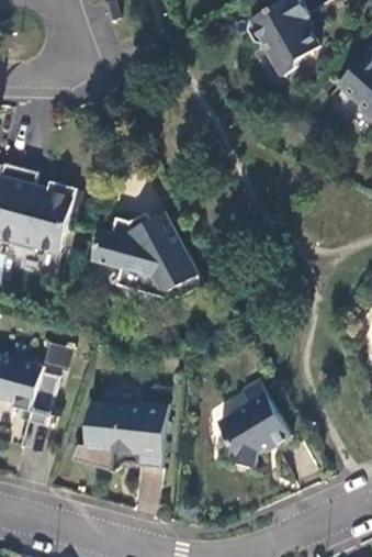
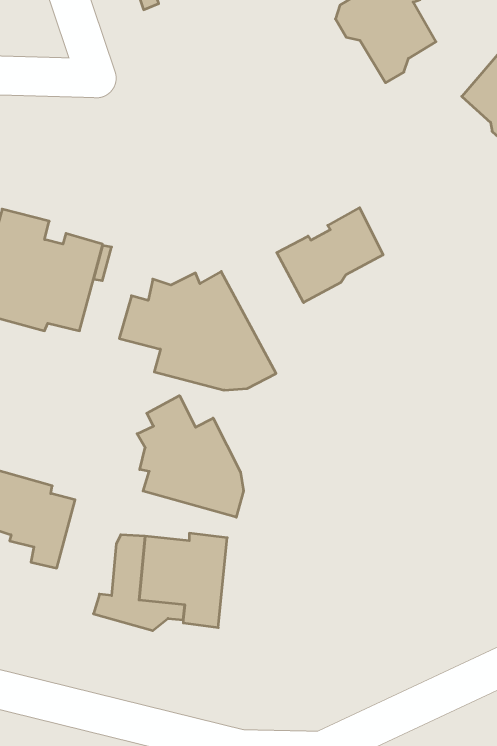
building: none -> [277,208,383,303]
building: none -> [137,396,243,517]
building: [217,379,291,467] -> none

